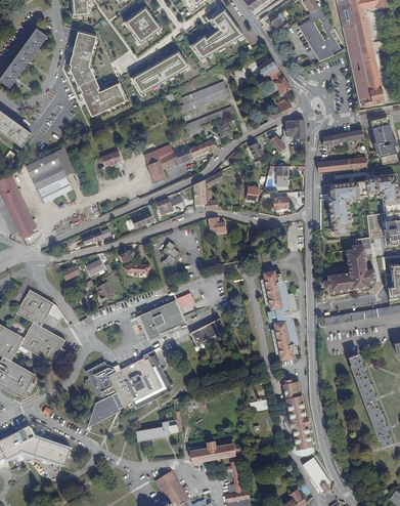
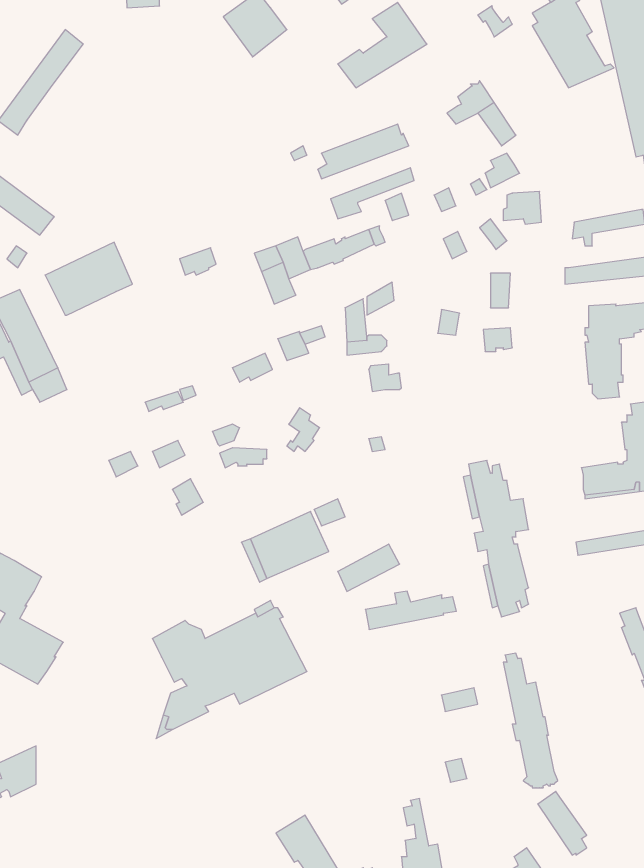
building: [71,30,127,118] -> none
building: [133,51,189,94] -> none
building: [38,175,72,202] -> none
building: [16,288,65,363] -> none
building: [136,419,179,439] -> none
building: [20,426,71,464] -> none
building: [190,440,241,462] -> [365,591,456,629]

